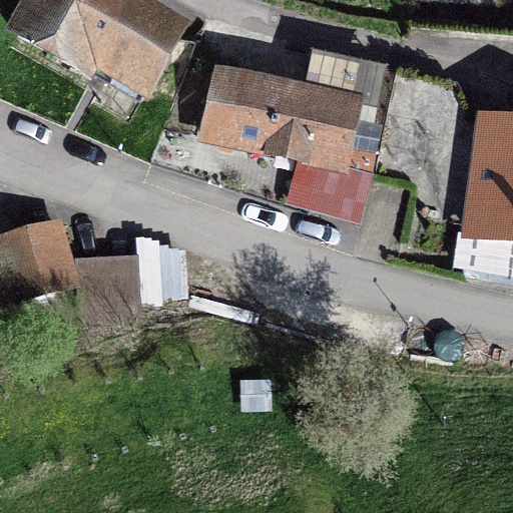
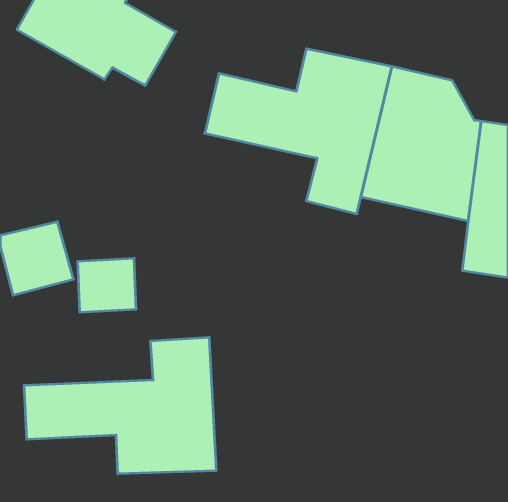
building: none -> [24,337,216,474]

